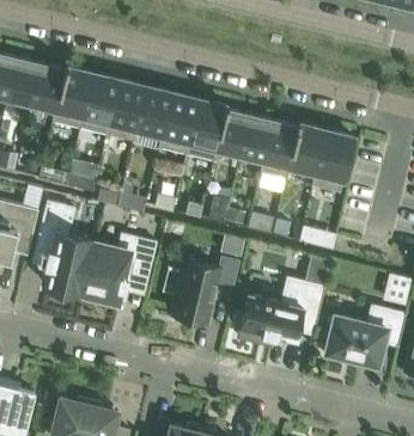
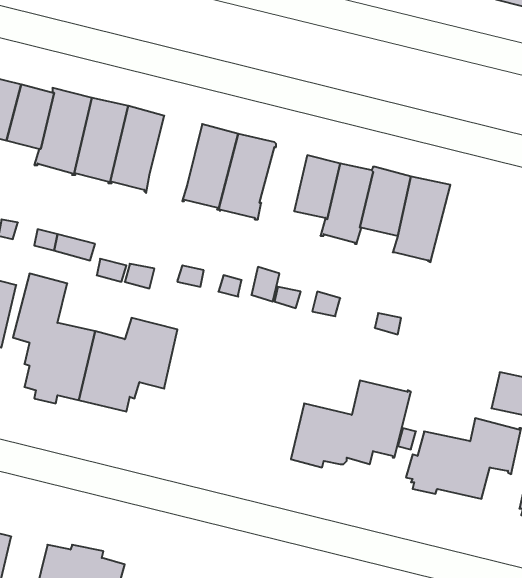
building: [135,87,173,137] -> none
building: [215,110,250,156] -> none
building: [171,258,239,325] -> none

